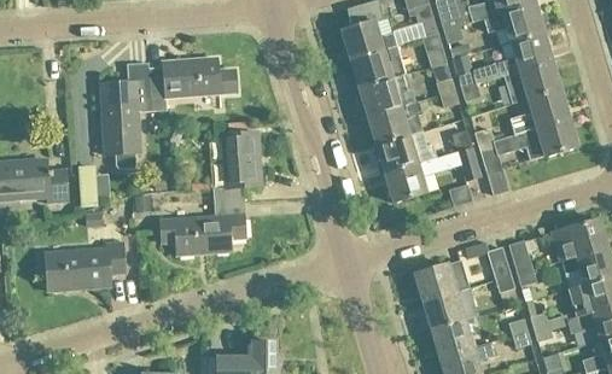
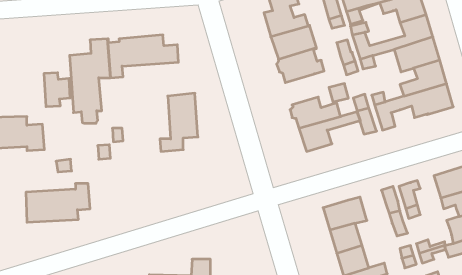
building: [368,101,422,145] -> none
building: [77,165,110,208] -> [44,73,70,107]
building: [157,200,247,255] -> none

